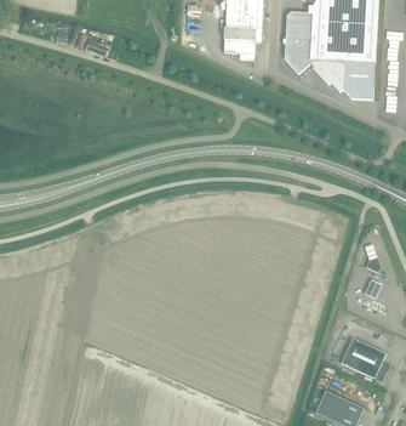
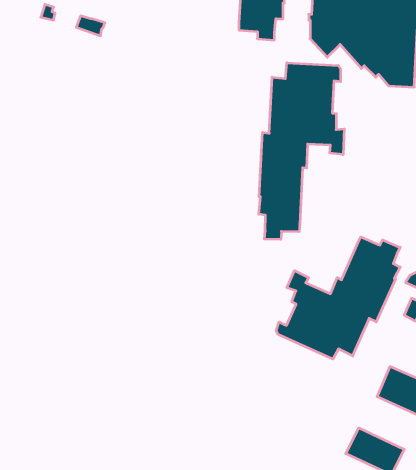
building: none -> [259,63,344,239]
building: none -> [276,237,400,359]

